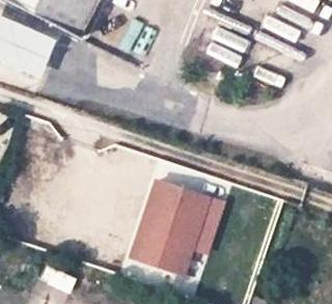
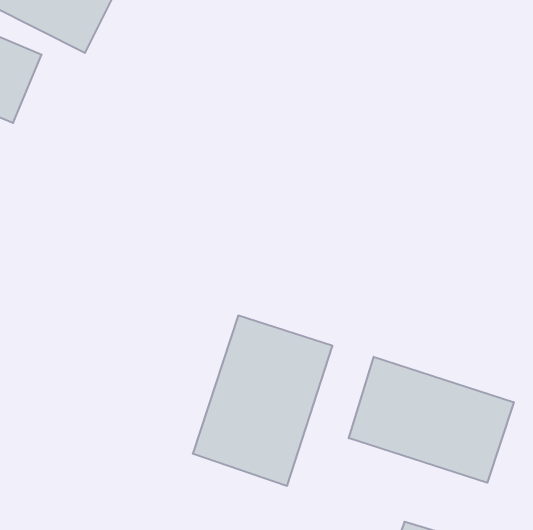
building: none -> [349,357,514,483]

